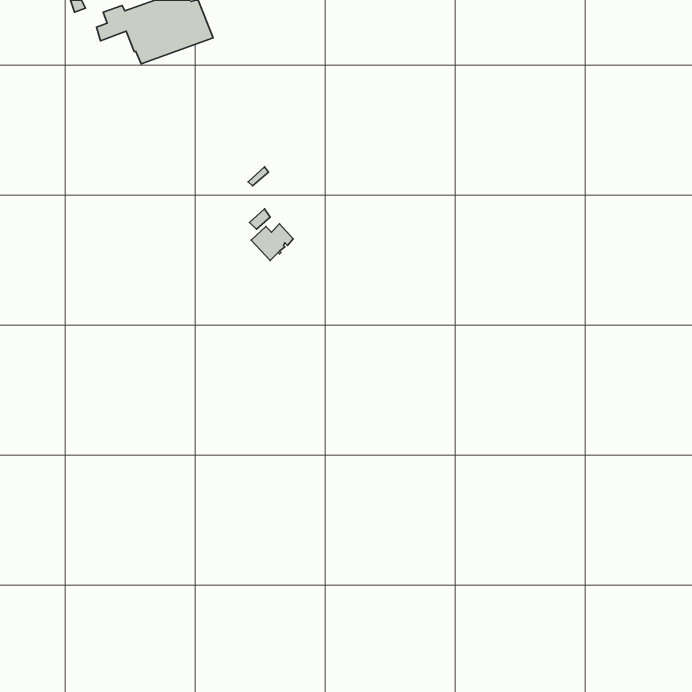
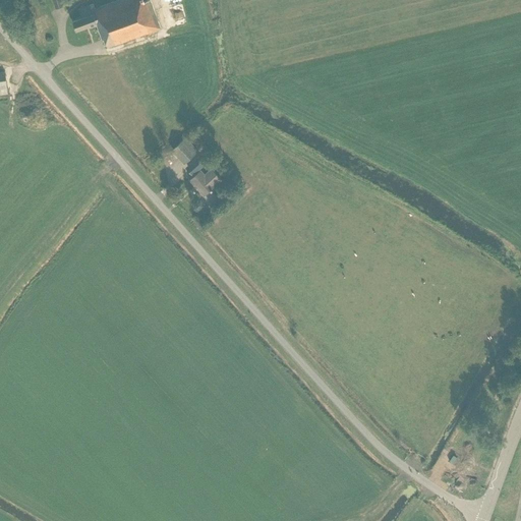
building: none -> [170,138,197,165]

